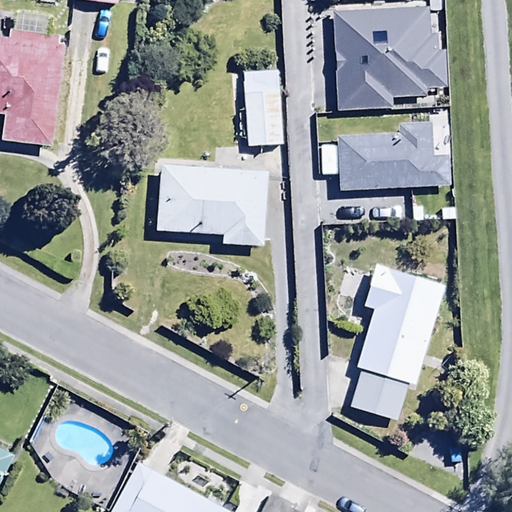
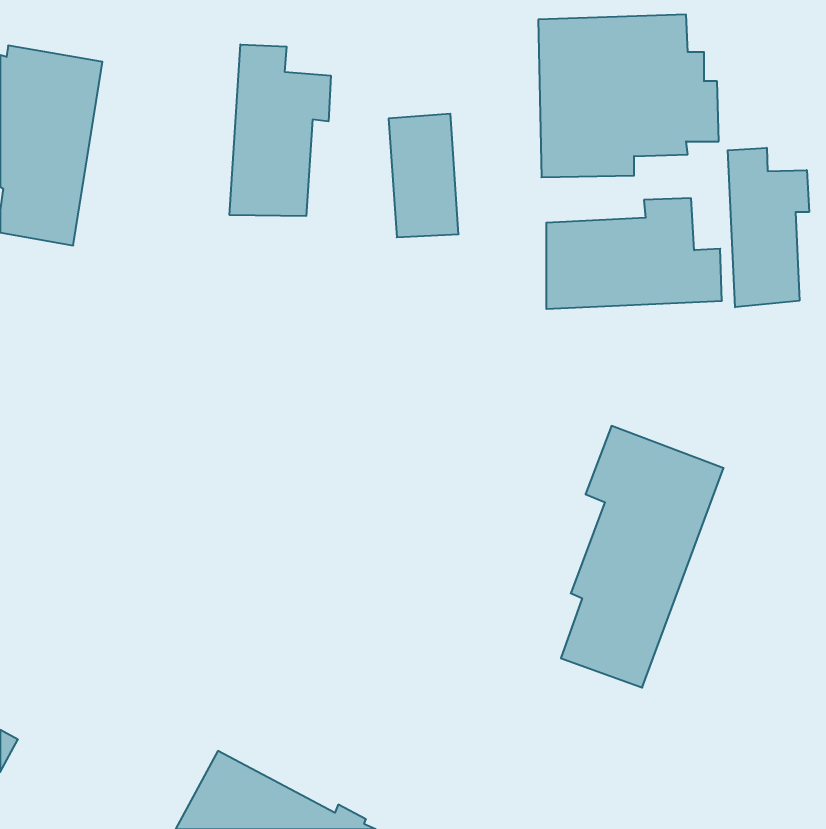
building: none -> [230,44,331,216]
building: none -> [728,148,809,307]
building: [156,165,270,245] -> none

